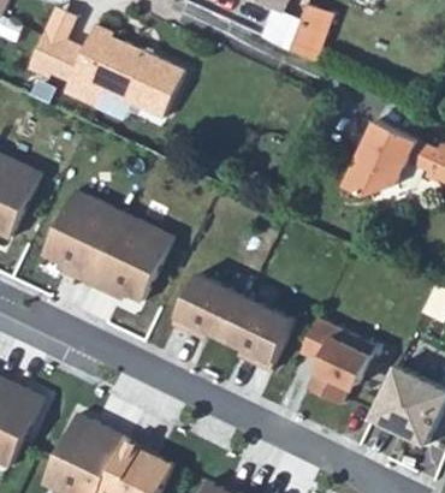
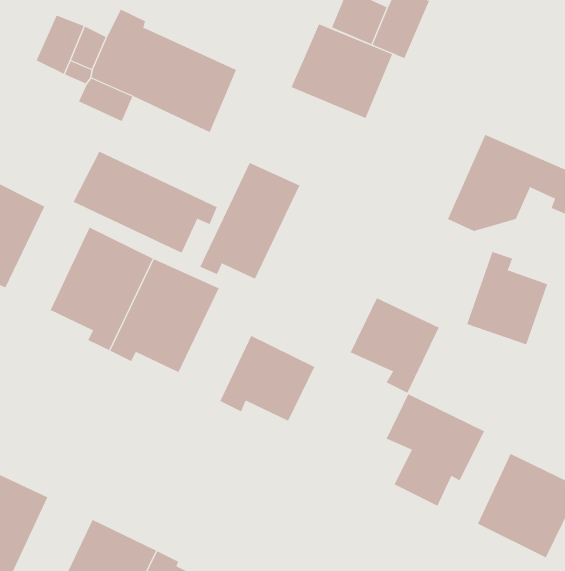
building: none -> [291,24,393,119]
building: none -> [73,151,218,253]
building: none -> [200,162,300,279]
building: none -> [466,251,548,345]
building: [225,297,293,370] -> [350,298,439,393]

